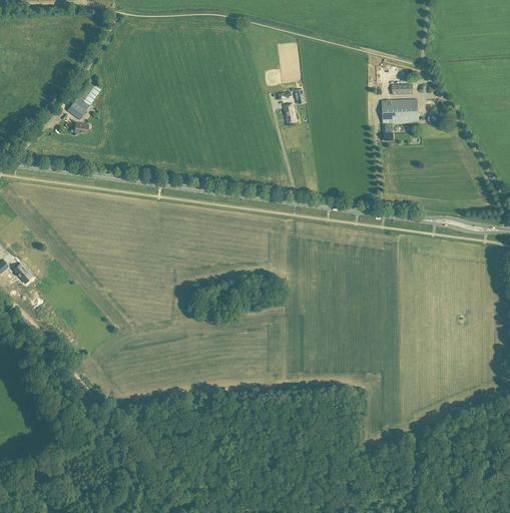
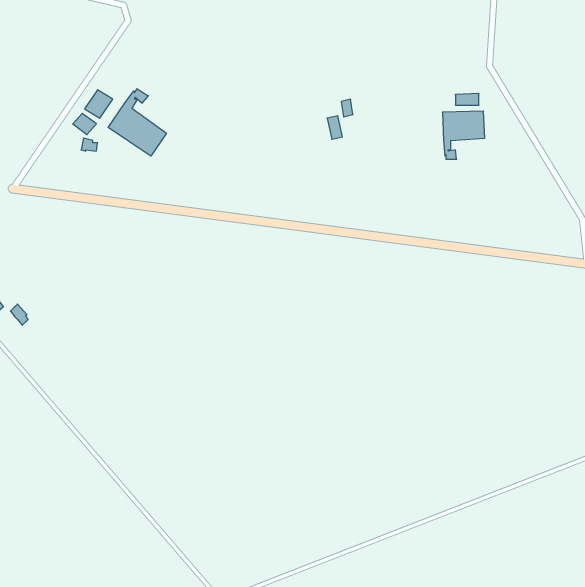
building: none -> [108,89,166,156]

